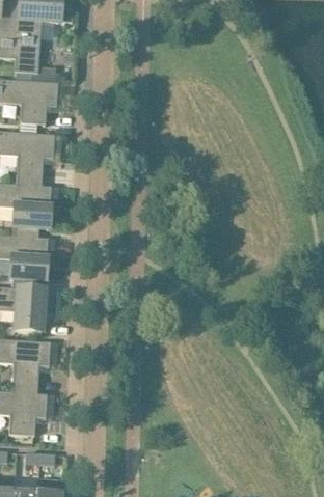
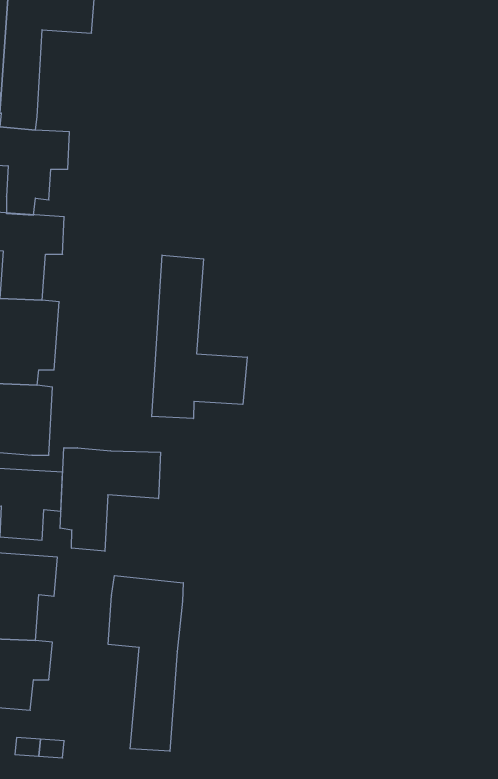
building: none -> [152,255,247,419]
building: none -> [60,448,160,551]
building: none -> [108,576,183,751]

